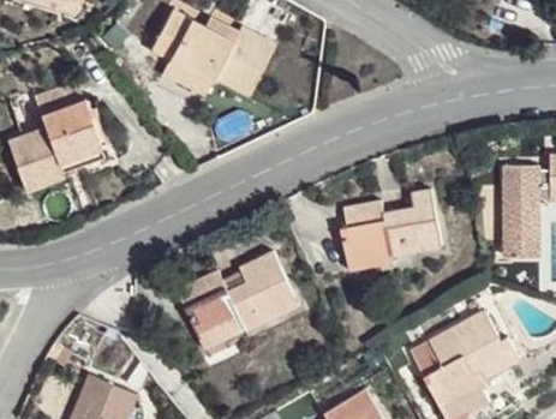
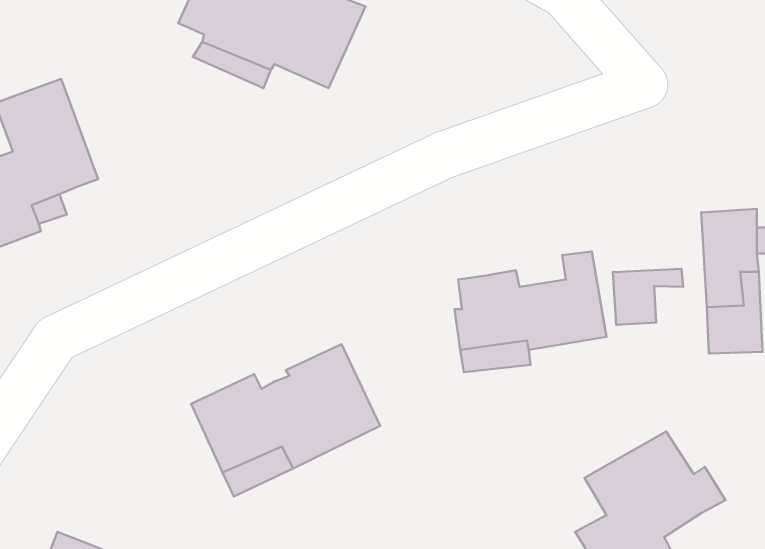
building: none -> [613,269,683,325]

